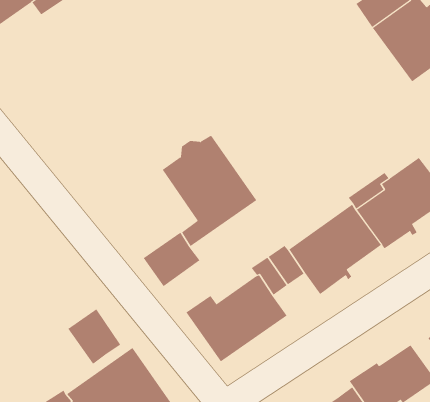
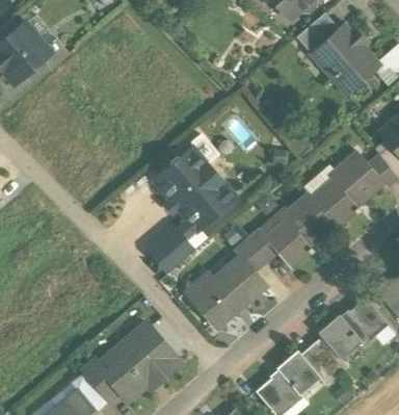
building: [67,308,122,364] -> none

